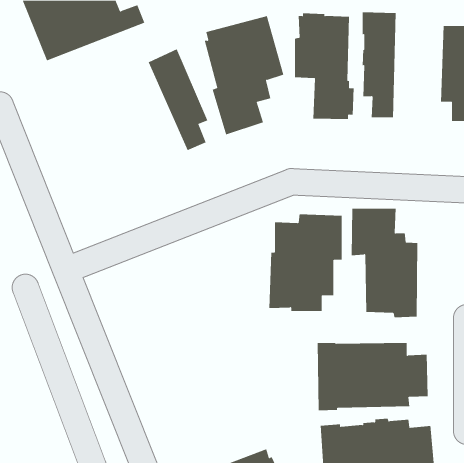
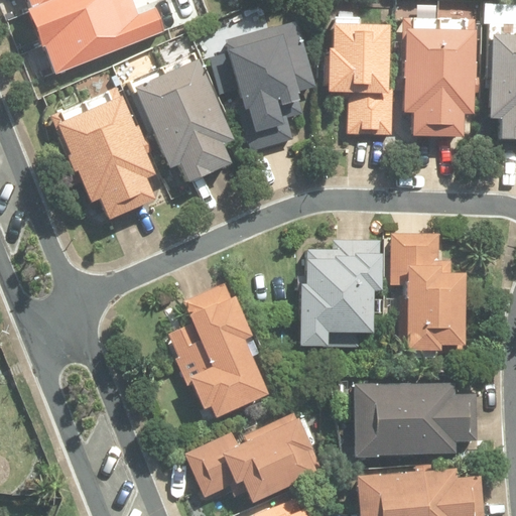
building: none -> [437,18,479,135]
building: none -> [134,73,210,179]
building: none -> [50,87,155,219]
building: none -> [168,283,268,416]
building: none -> [184,413,322,502]

